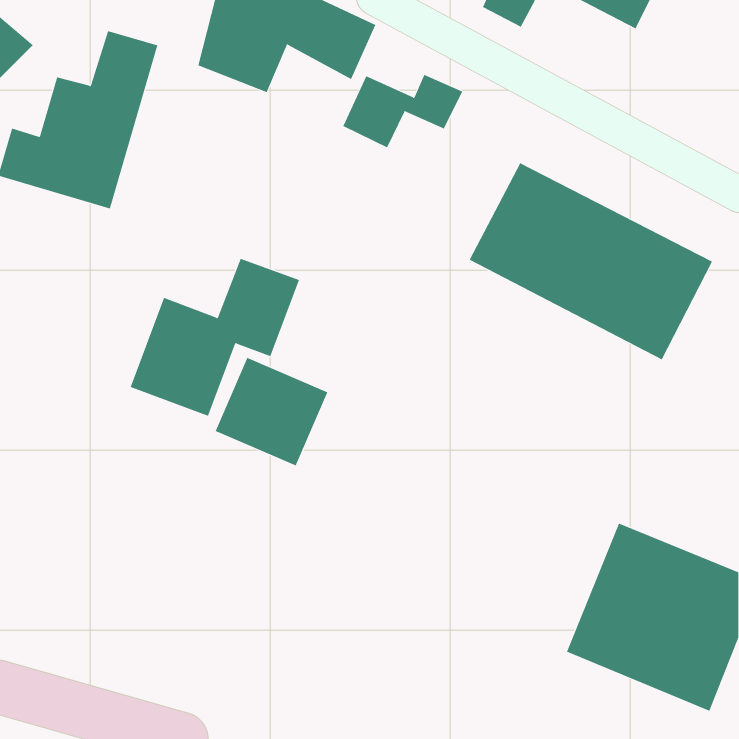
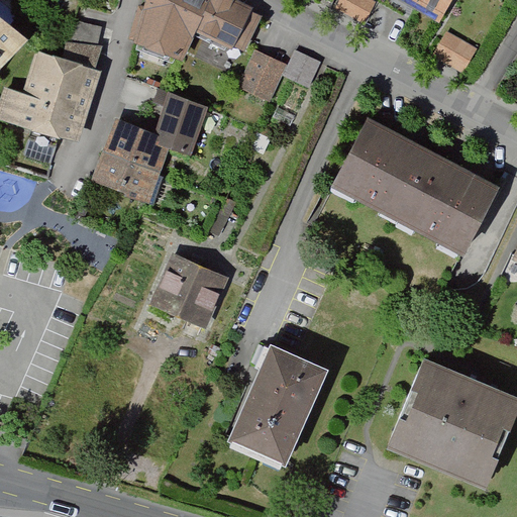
building: none -> [434,30,476,69]
building: [130,258,300,416] -> [94,94,212,204]
building: none -> [224,343,324,466]

